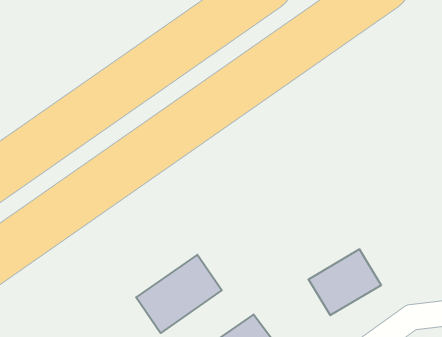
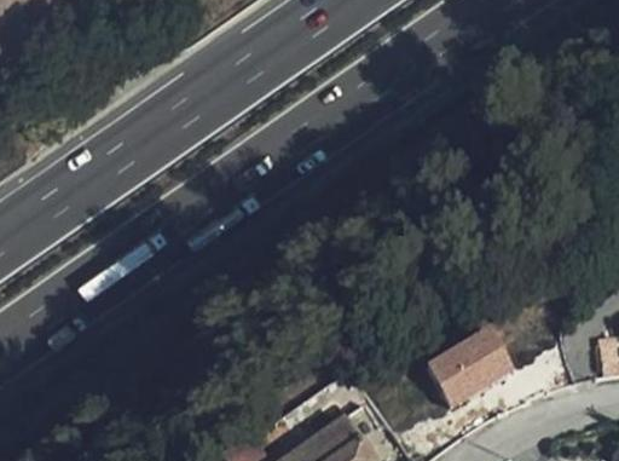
building: [136,255,222,333] -> none

